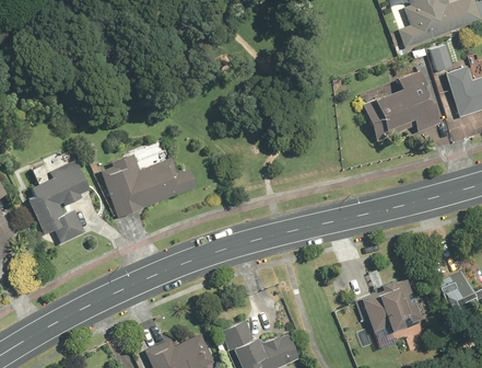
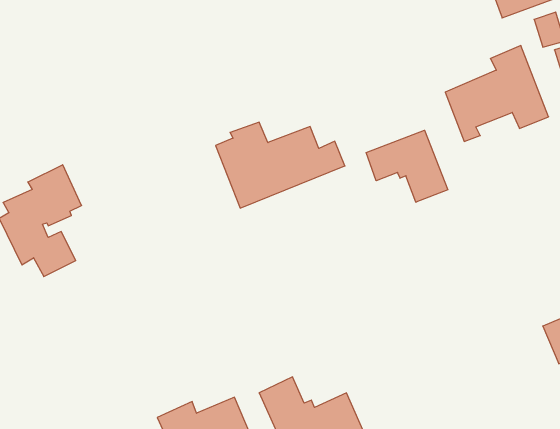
building: none -> [366,130,448,202]
building: [99,153,197,218] -> [216,122,345,208]
building: [355,277,422,330] -> none

